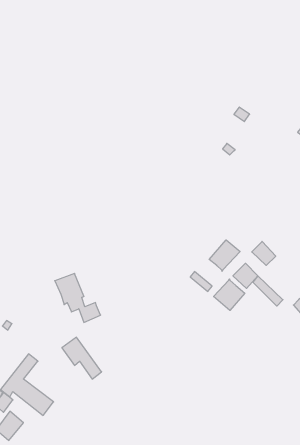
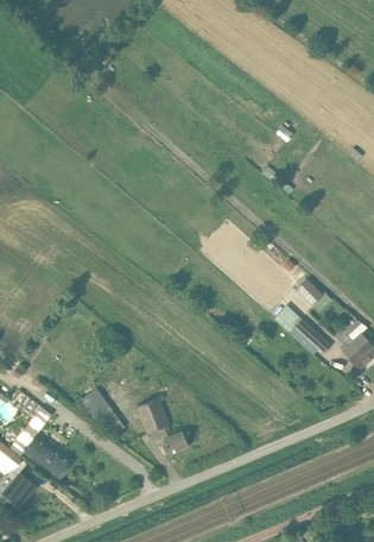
building: [209,240,240,271] -> none
building: [55,273,101,322] -> [137,398,189,454]
building: [214,279,245,310] -> none

